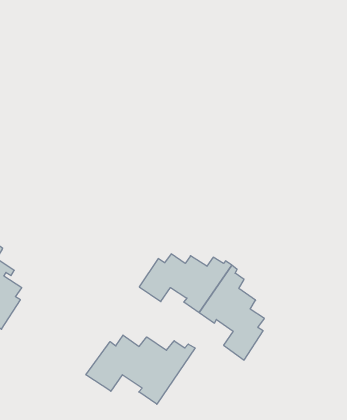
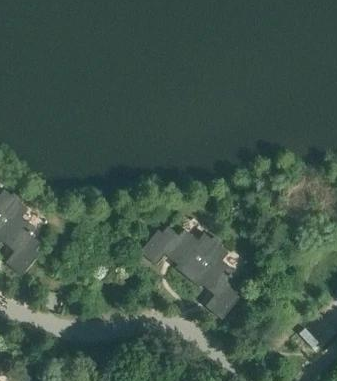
building: [86,335,195,404] -> none

